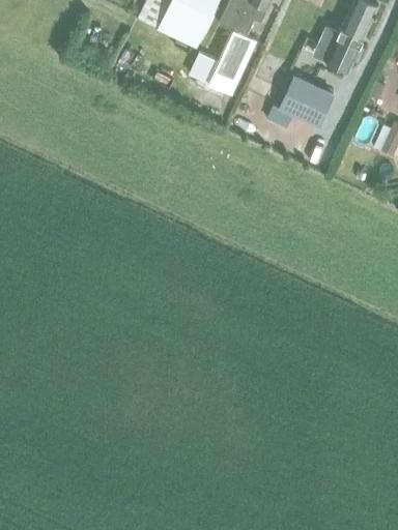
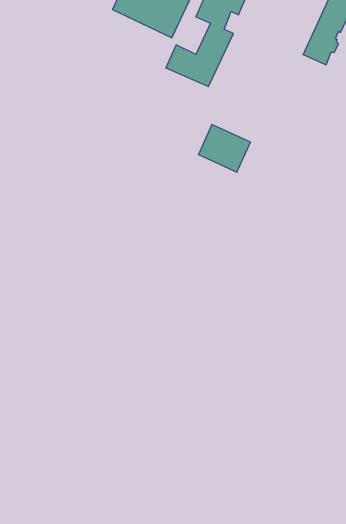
building: [280,77,332,124] -> [198,124,250,172]

